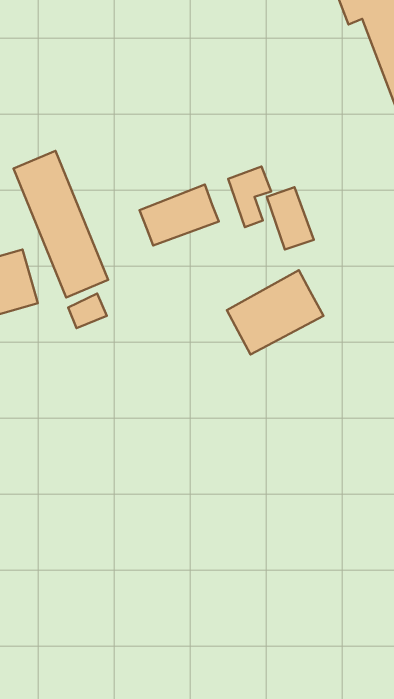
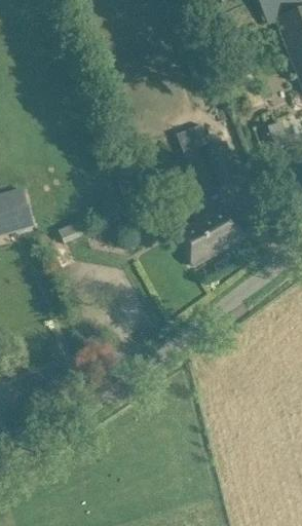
building: [14,151,108,297] -> none
building: [139,185,219,245] -> none

